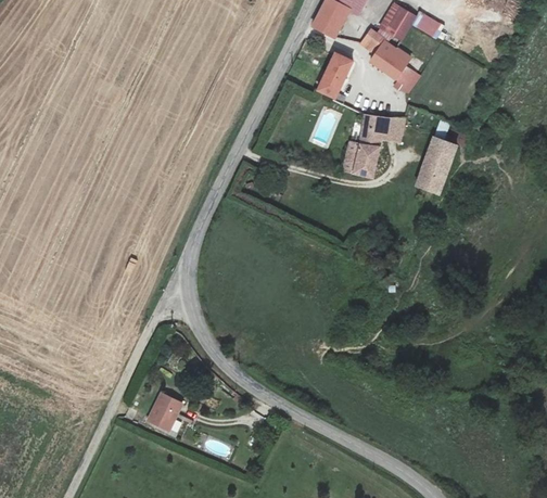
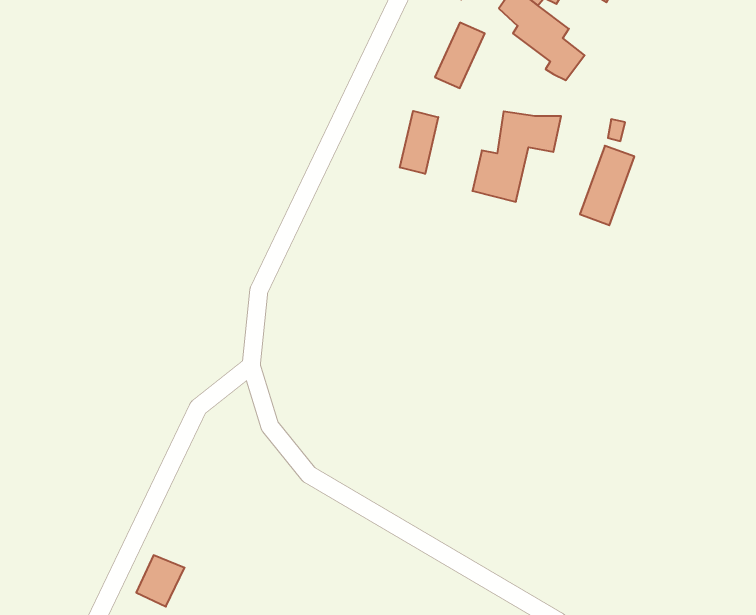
building: none -> [400,111,438,174]
building: [147,393,180,429] -> [136,555,185,607]

